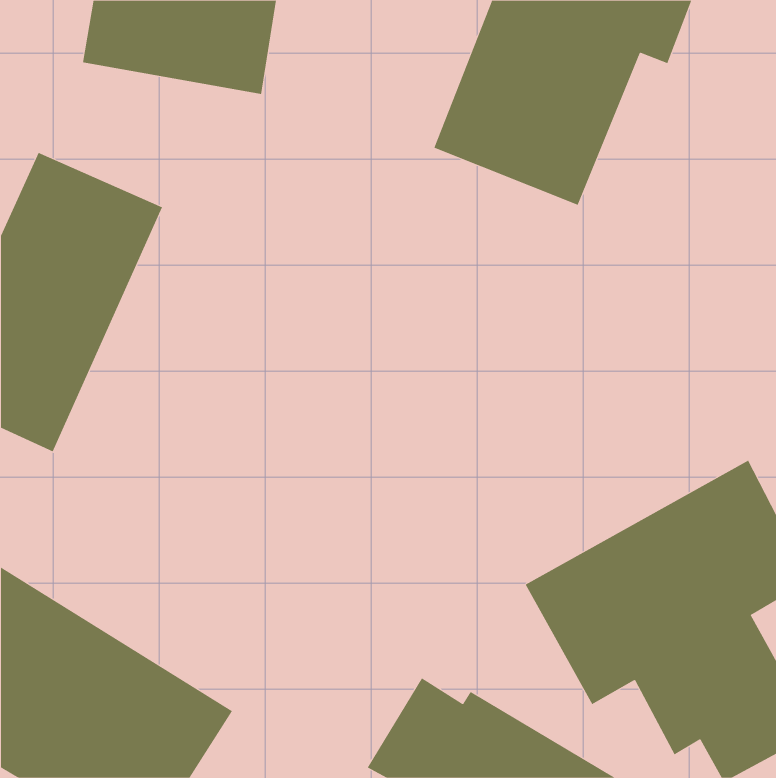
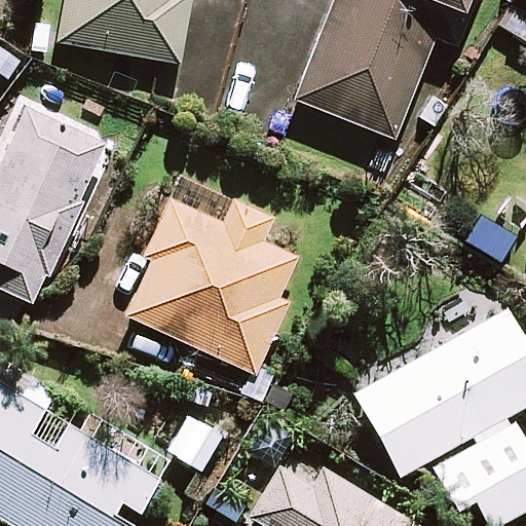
building: none -> [126,200,297,373]

